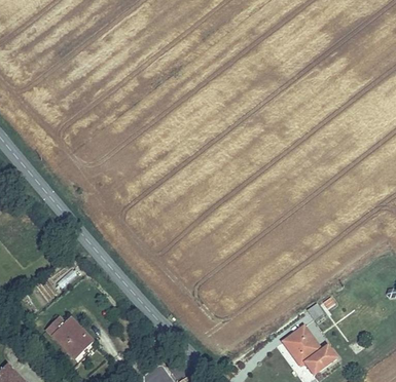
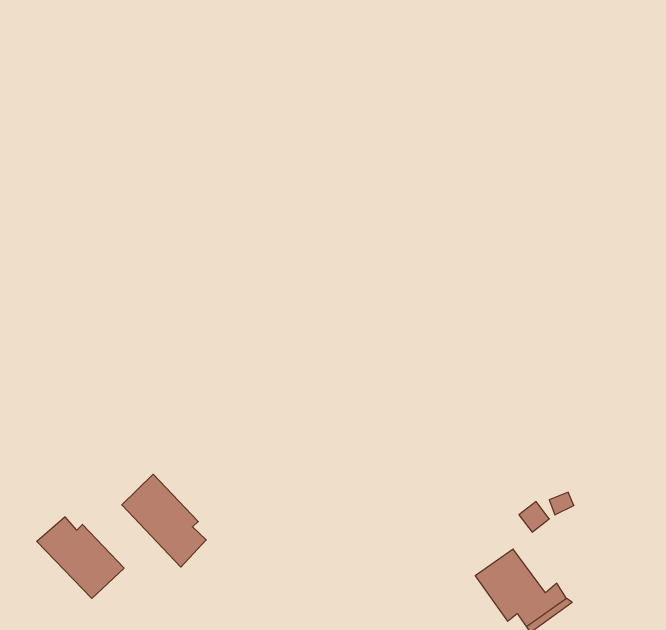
building: none -> [122,474,206,567]

